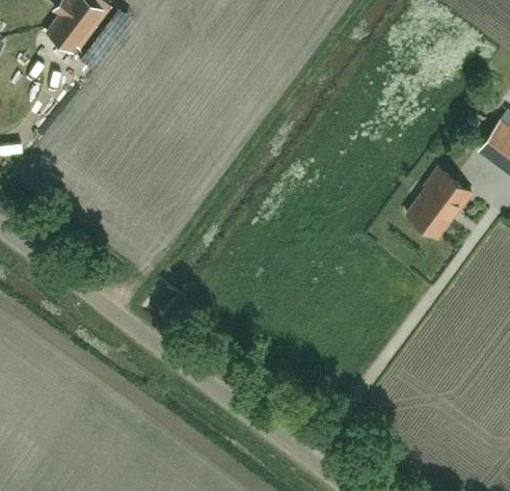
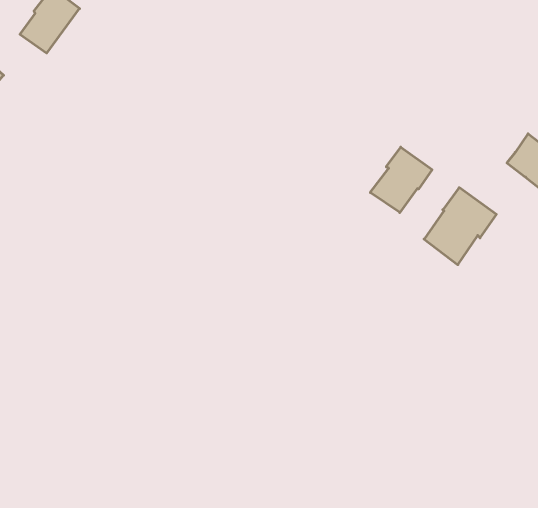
building: none -> [370,147,432,213]

